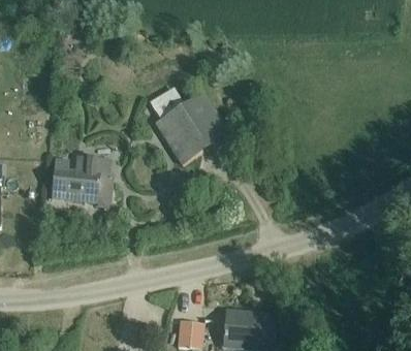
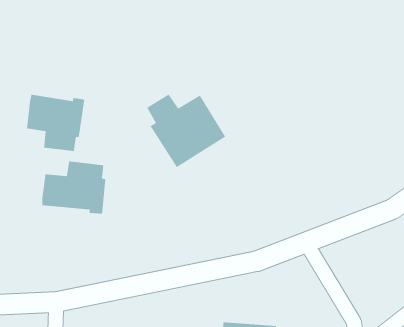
building: none -> [26,94,85,152]

